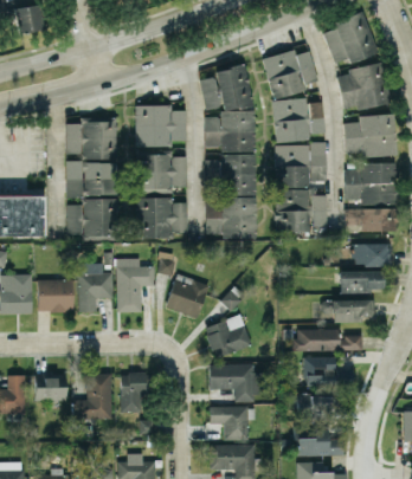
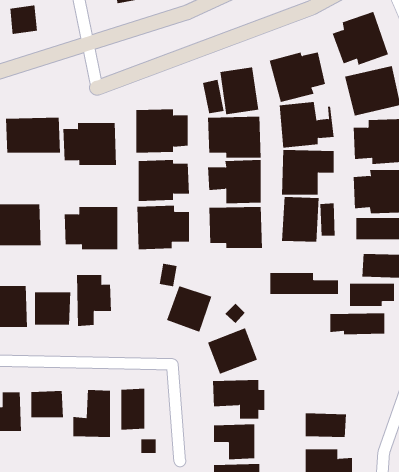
building: [65,162,118,196] -> [5,117,61,153]
building: [116,259,155,312] -> none
building: [295,330,361,351] -> [269,272,339,295]
building: [304,357,353,384] -> none

